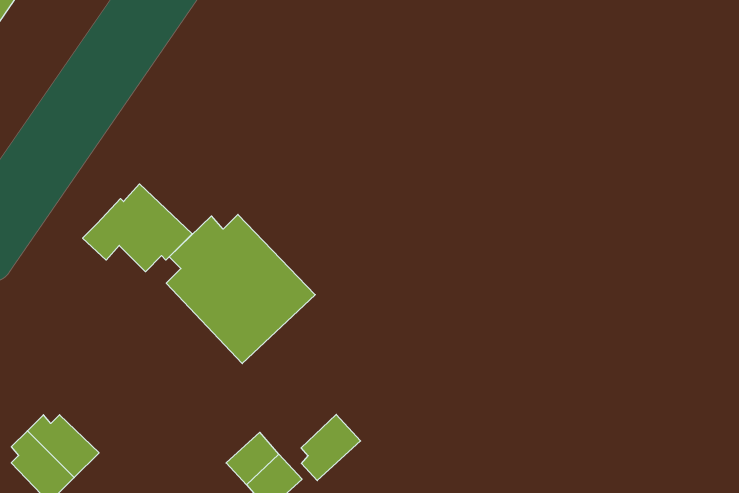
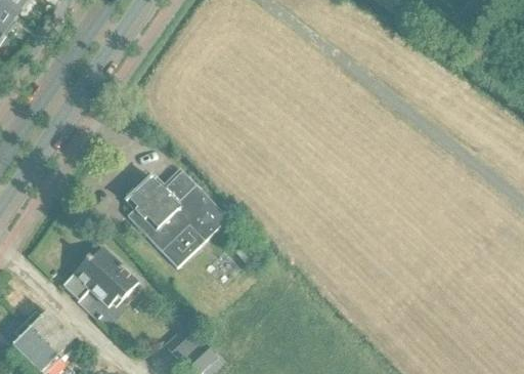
building: [83,184,192,272] -> [61,246,138,307]
building: [301,414,361,481] -> none

